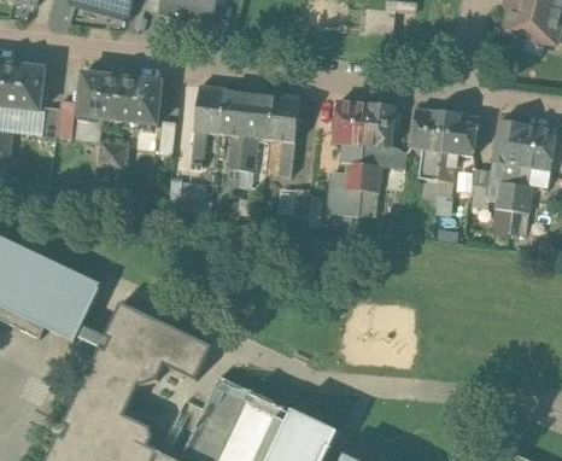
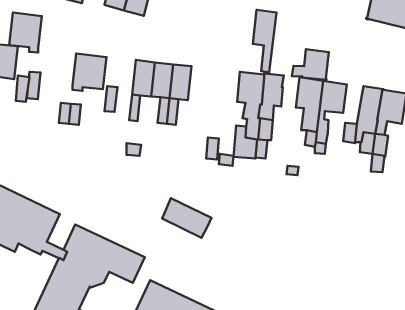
building: none -> [292,49,329,80]
building: [78,71,122,124] -> [9,12,42,53]
building: [269,93,300,175] -> [253,10,277,72]
building: none -> [162,198,212,238]

